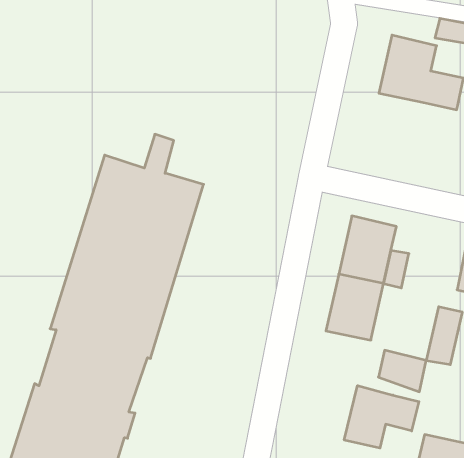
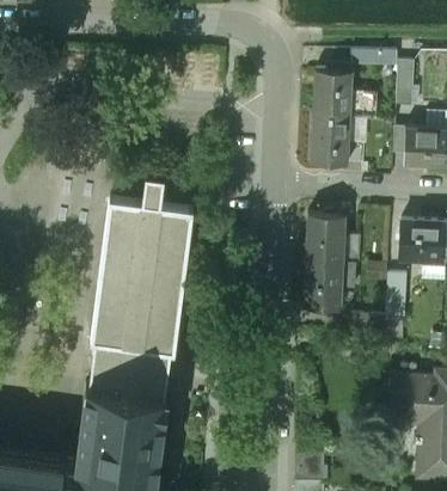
building: none -> [311,115,349,162]
building: [344,386,419,448] -> none

